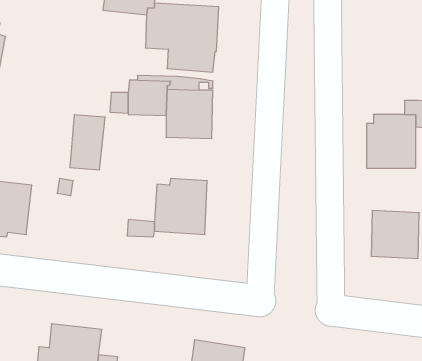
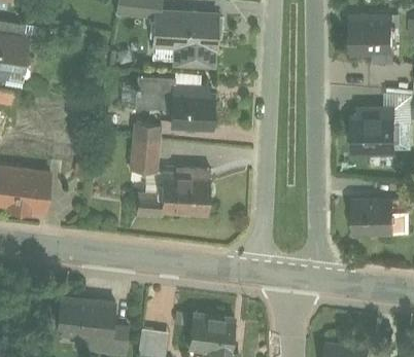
building: none -> [349,11,392,65]
building: [70,115,105,170] -> [128,124,160,174]

